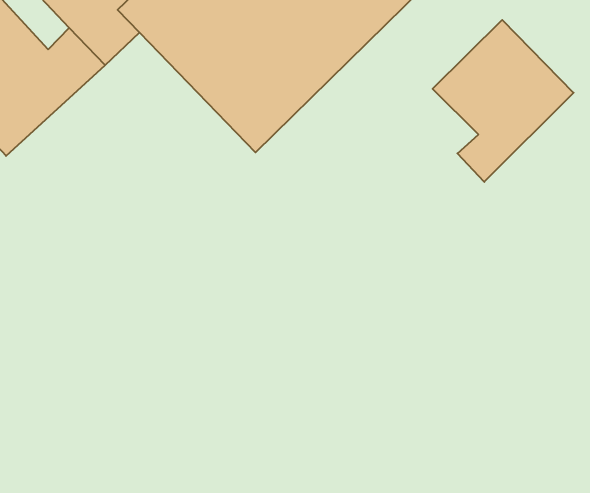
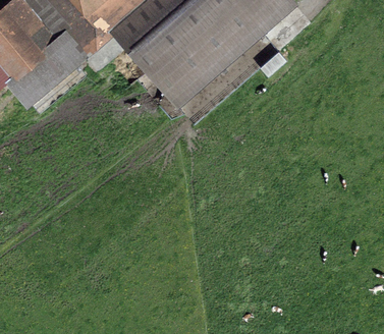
building: [433,20,574,182] -> none

